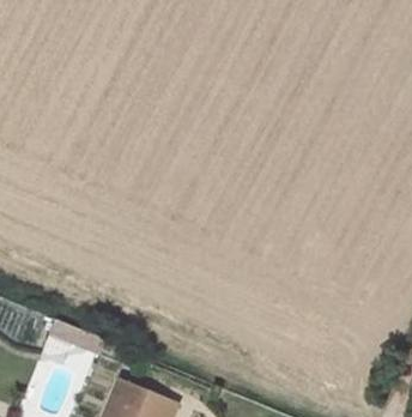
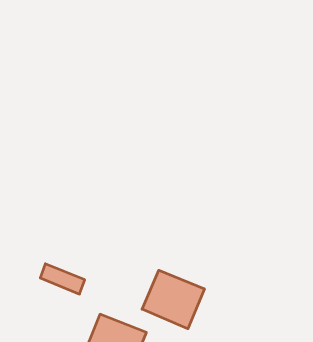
building: none -> [142,270,204,329]

